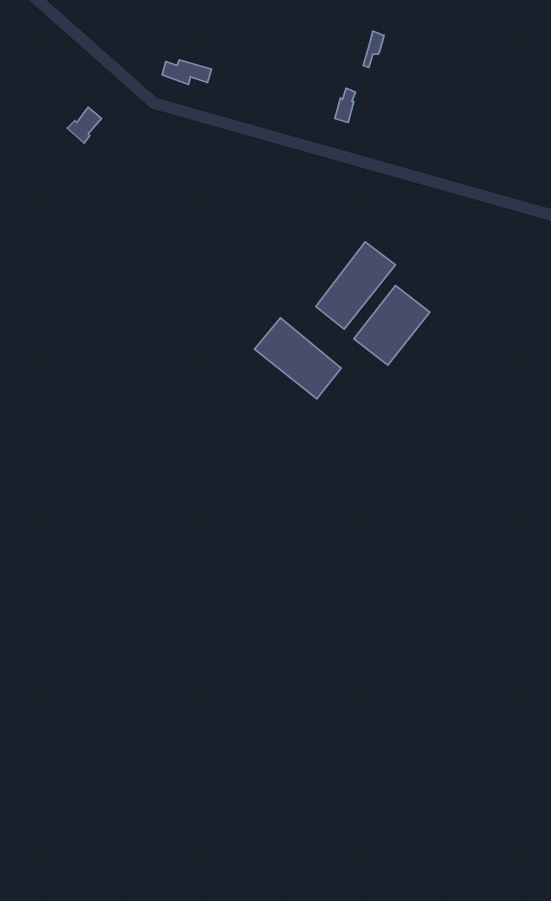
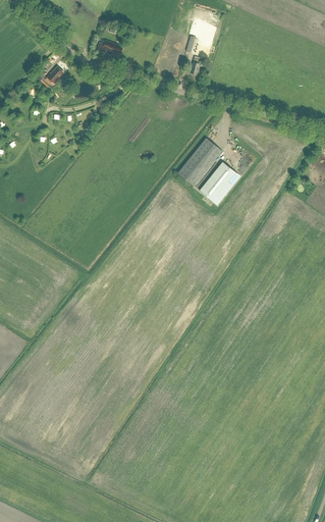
building: [254,318,341,399] -> none

